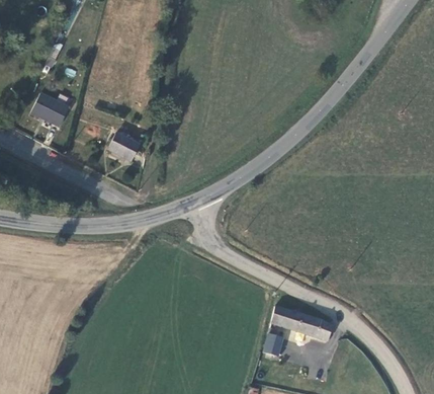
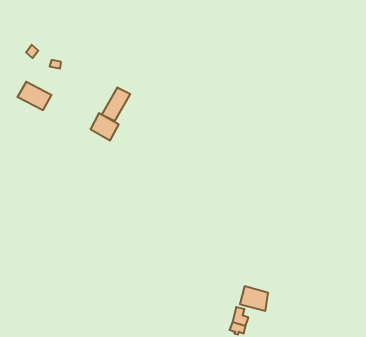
building: none -> [102,87,130,121]
building: [298,317,331,343] -> none

